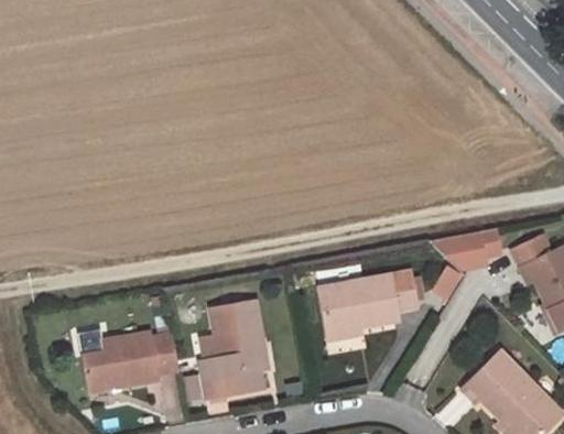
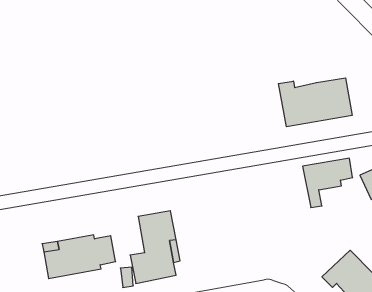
building: none -> [278,78,352,127]
building: [317,270,416,337] -> none

